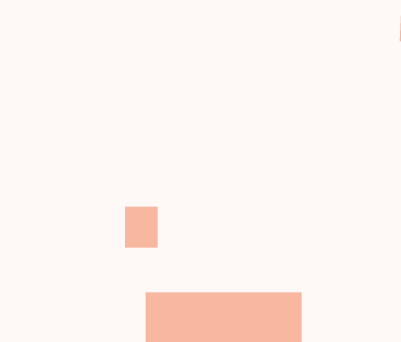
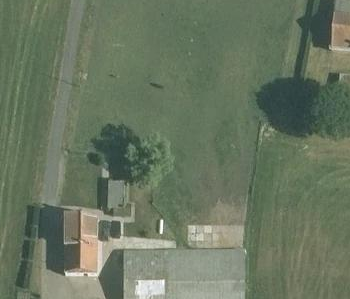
building: none -> [63,218,96,272]

